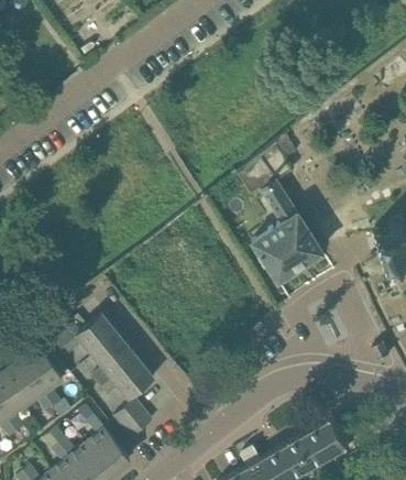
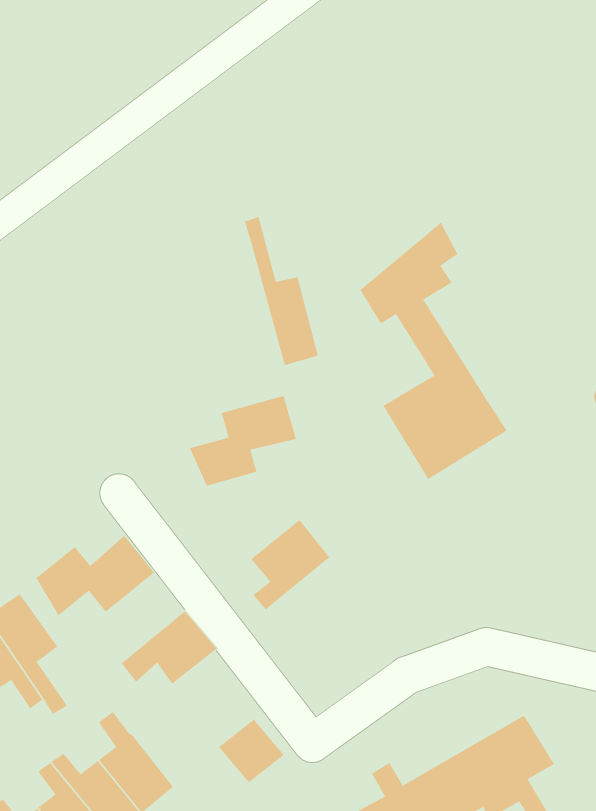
building: none -> [244,216,319,366]
building: none -> [189,395,297,486]
building: [89,336,135,389] -> [250,519,330,610]
building: [113,401,152,438] -> [218,719,285,783]

